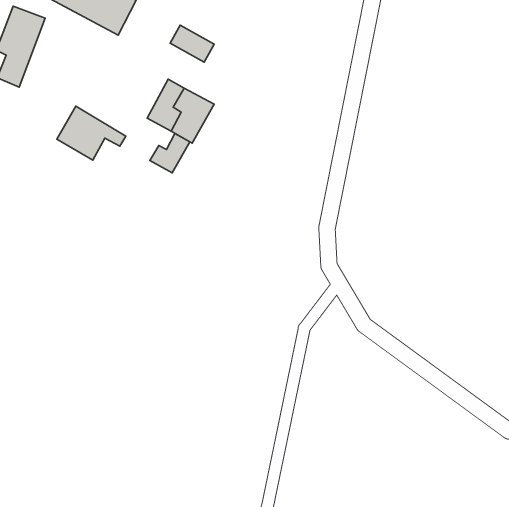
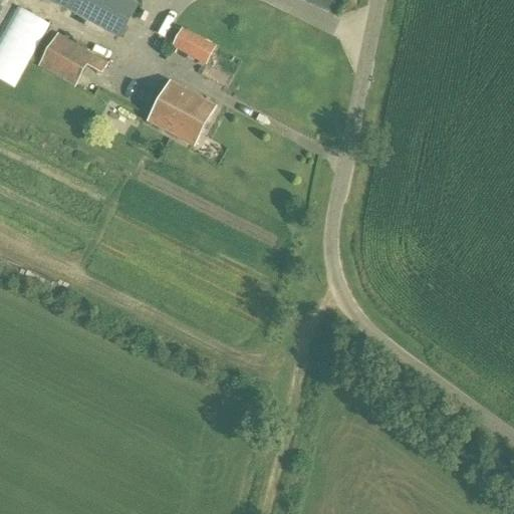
building: [57,106,126,160] -> [37,30,106,84]
building: [150,134,190,173] -> none

